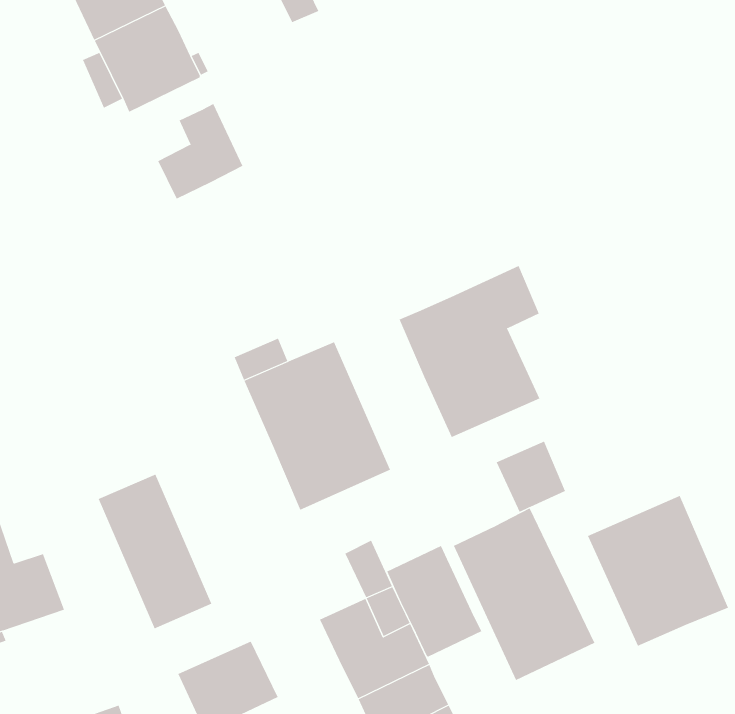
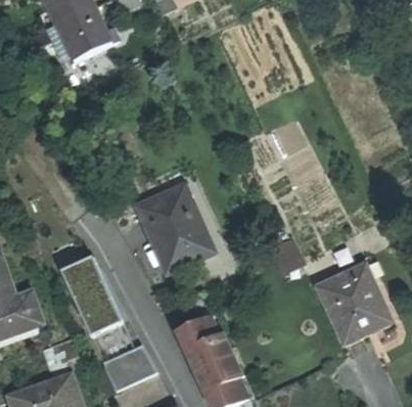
building: [158,103,243,200] -> none
building: [399,265,540,438] -> none
building: [453,508,595,681] -> none
building: [387,545,482,657] -> none

